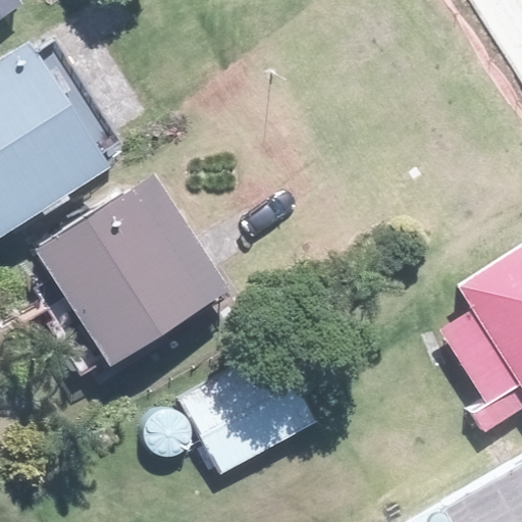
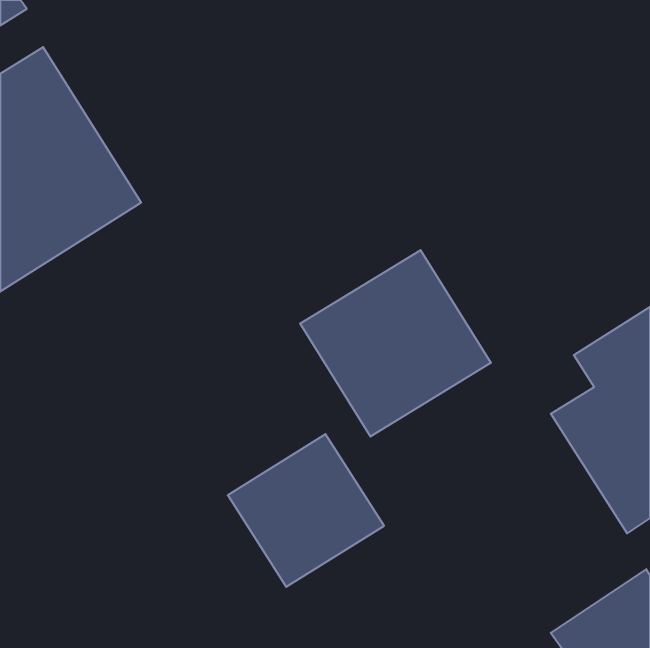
building: [40,178,229,365] -> none
building: none -> [300,250,491,437]

